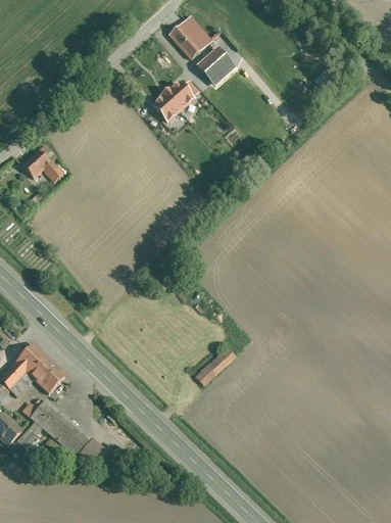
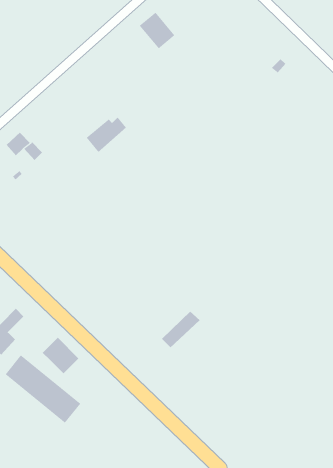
building: [197,46,228,77] -> none
building: [154,81,199,121] -> [86,116,127,153]
building: [26,351,66,392] -> [42,337,79,374]

